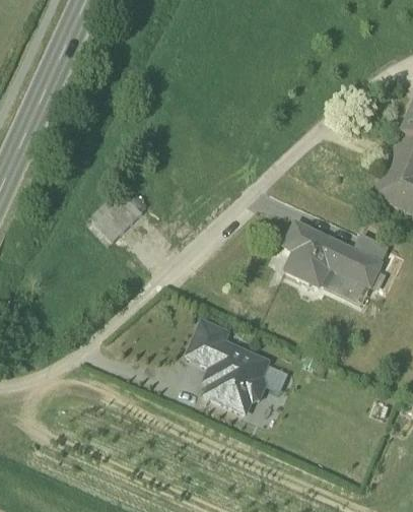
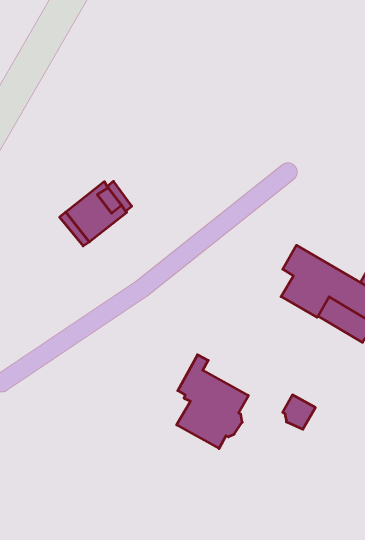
building: [187,321,217,363] -> none
building: [259,361,287,390] -> [283,395,315,429]

